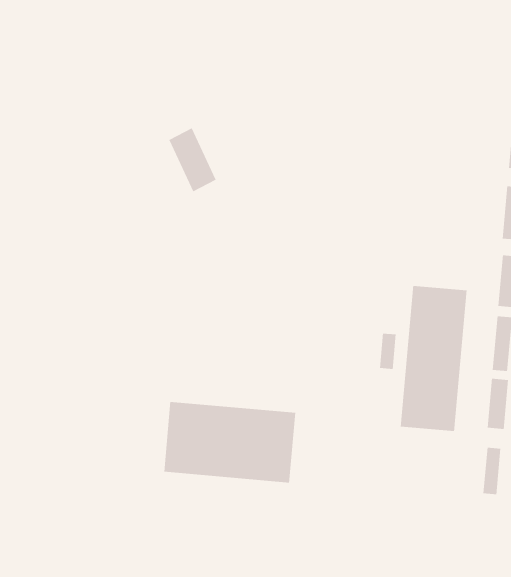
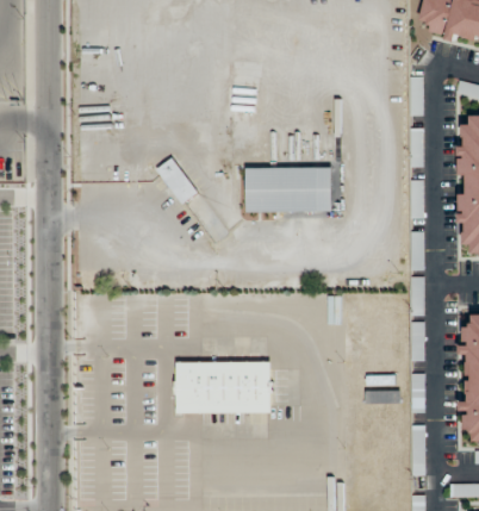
building: none -> [249,168,334,211]
building: [400,285,467,432] -> none

